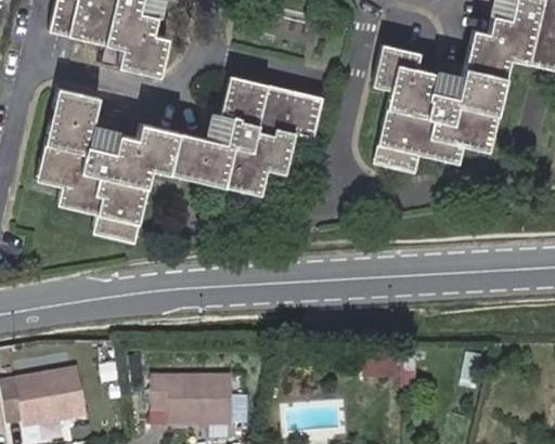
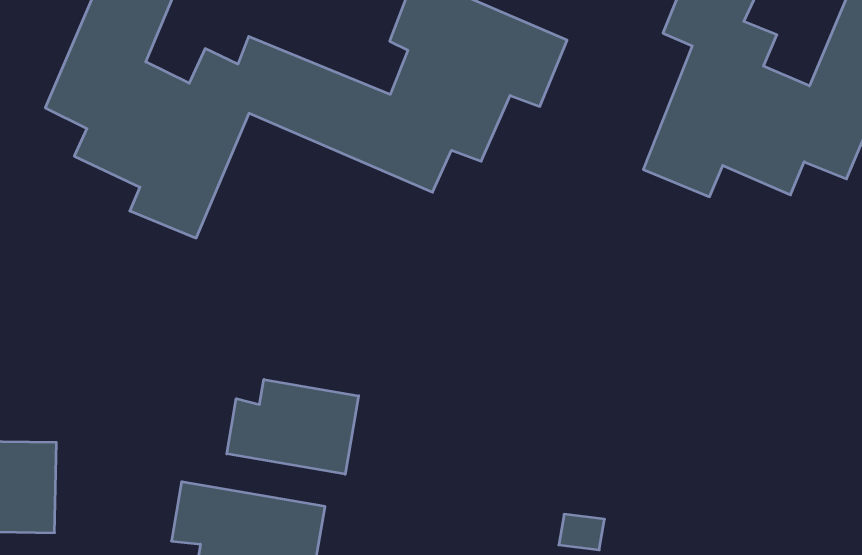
building: none -> [227,379,359,474]

